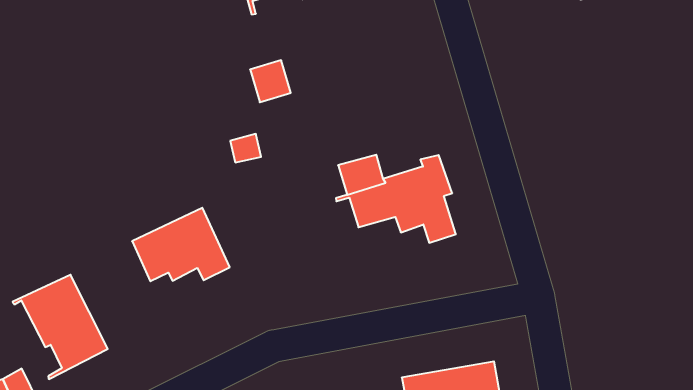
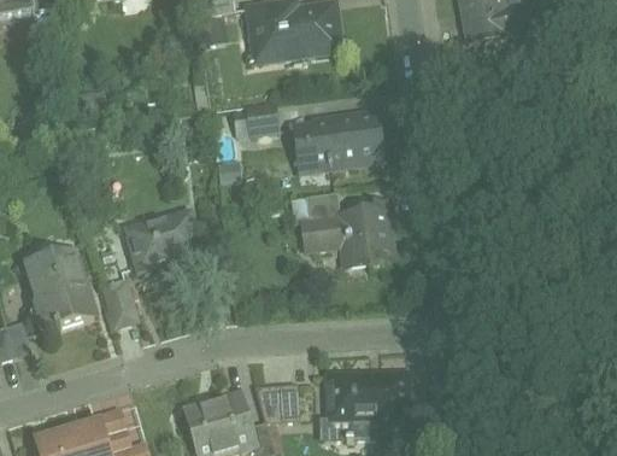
building: none -> [290,111,382,170]
building: none -> [102,279,135,323]

